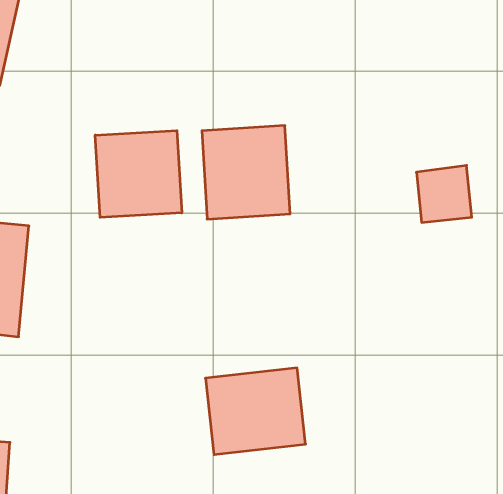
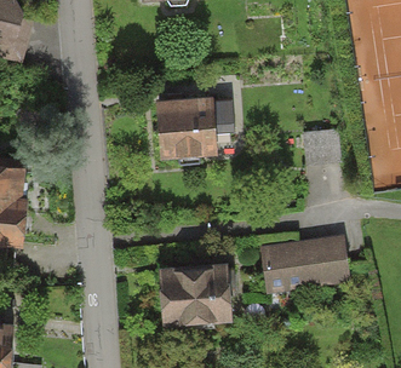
building: [95,131,182,217] -> none
building: none -> [259,237,348,298]

